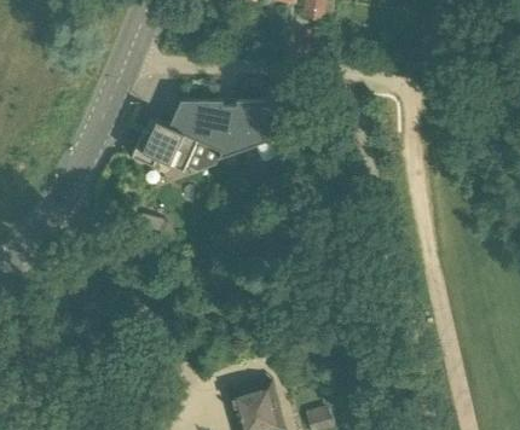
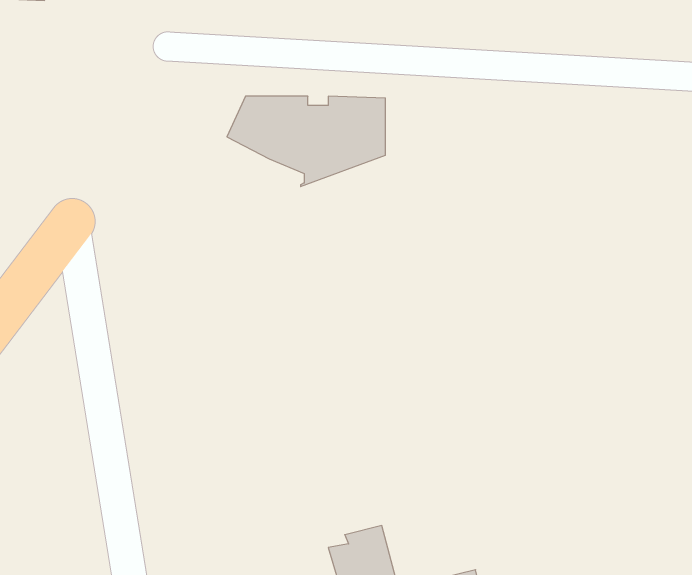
building: [128,121,195,172] -> none

